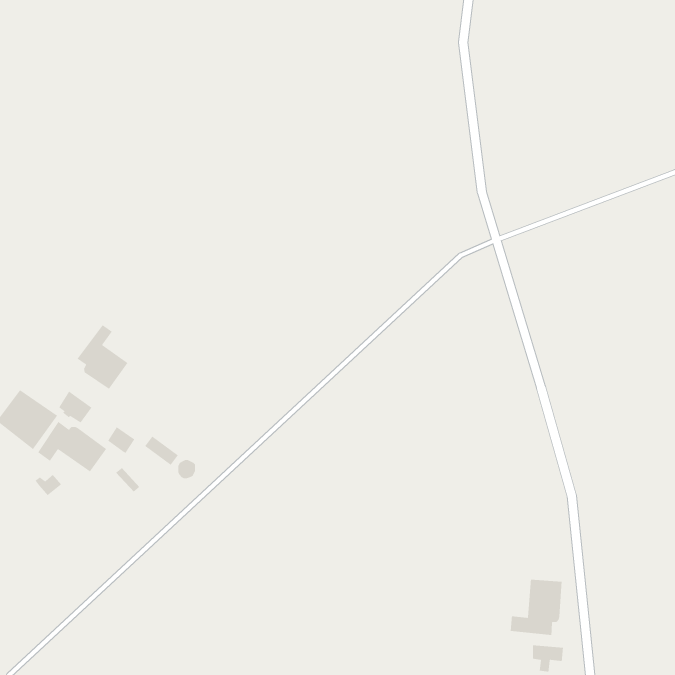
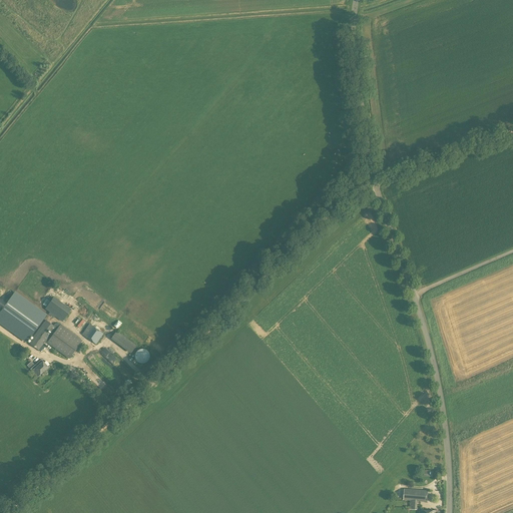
building: [76,324,128,390] -> none
building: [510,579,563,636] -> none

